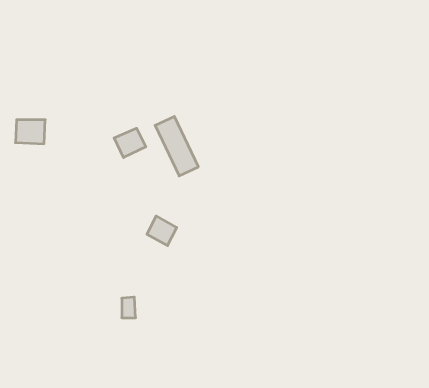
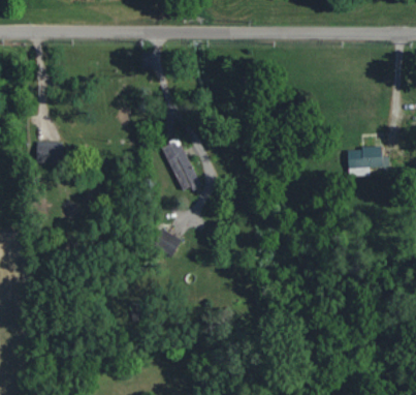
building: none -> [348,148,388,175]
building: [114,128,146,158] -> none

